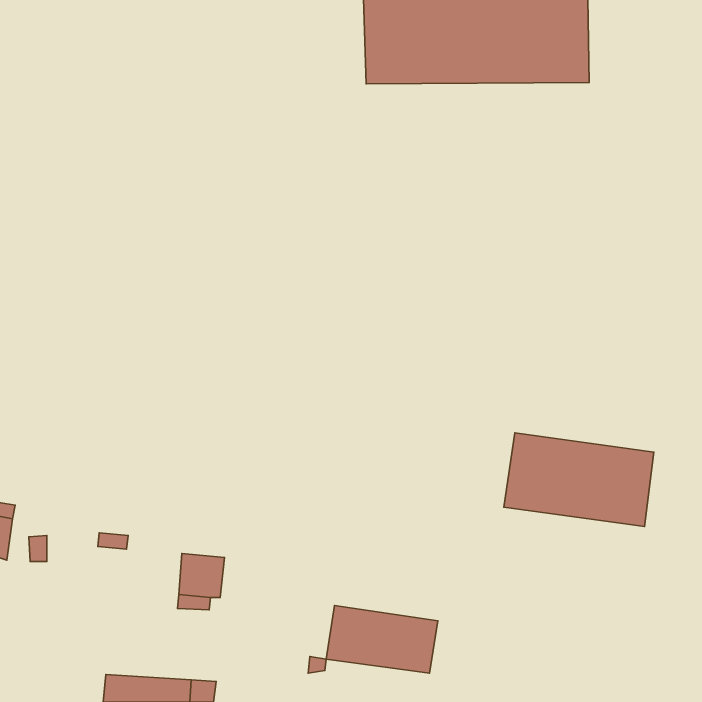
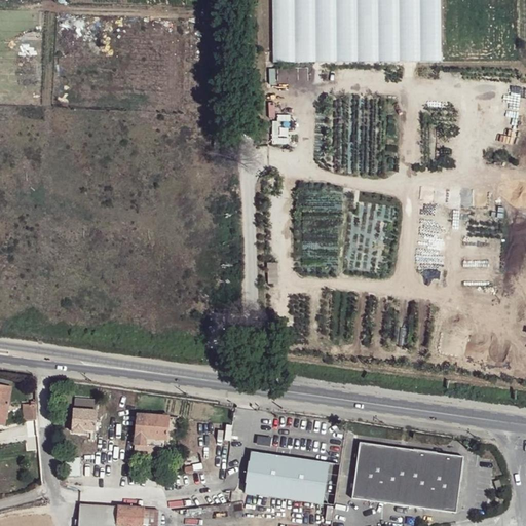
building: [504,433,654,527] -> [350,442,462,512]
building: none -> [71,408,95,433]

